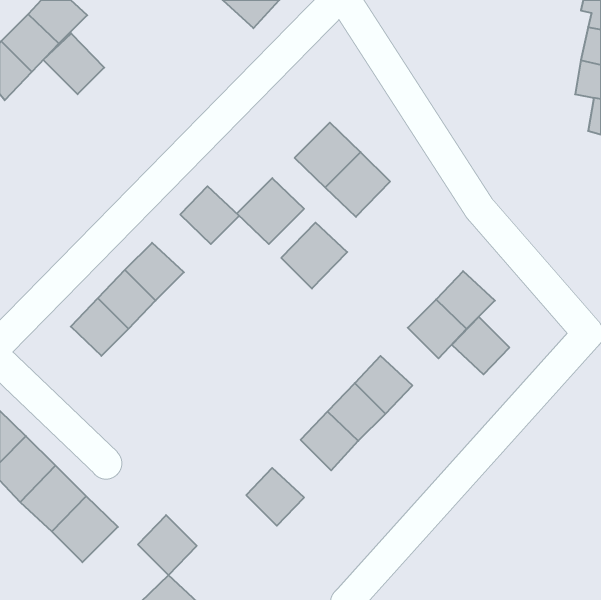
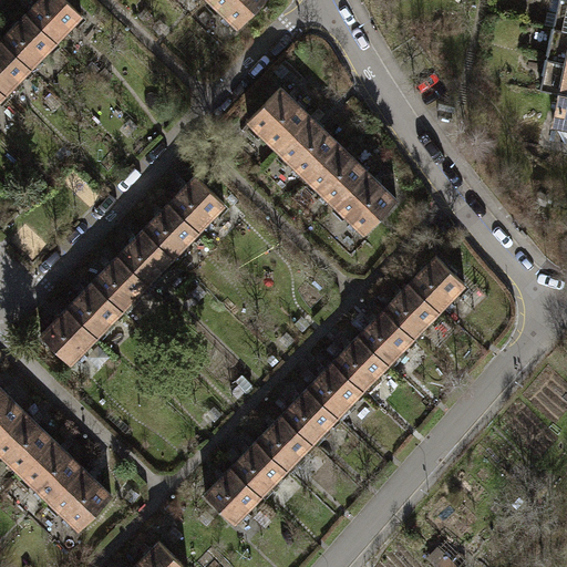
building: [43,33,104,94] -> none
building: [237,178,304,244] -> [247,89,310,151]
building: none -> [143,204,198,258]
building: [281,223,347,289] -> [334,173,396,235]
building: [452,317,509,374] -> [358,310,412,364]
building: none -> [40,309,95,363]
building: none -> [256,415,311,470]
building: [138,515,197,575] -> [205,467,260,524]

